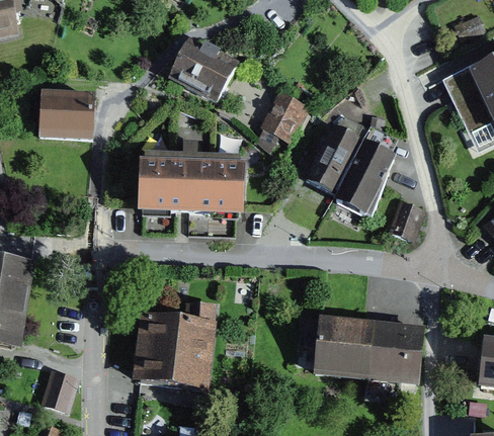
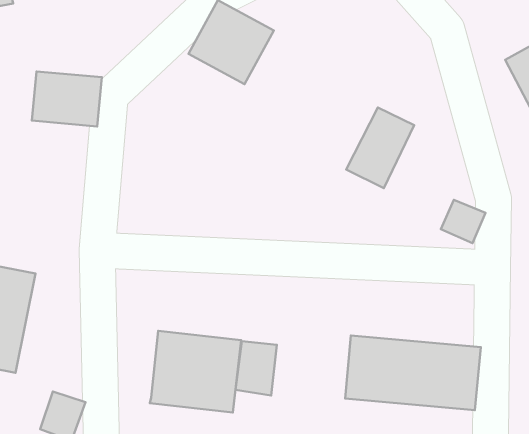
building: [261,89,310,143] -> none
building: [334,136,399,214] -> none
building: [142,156,239,212] -> none
building: none -> [235,341,277,396]

